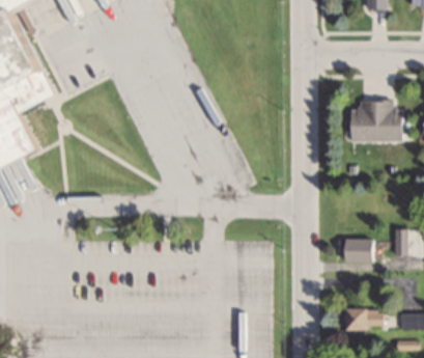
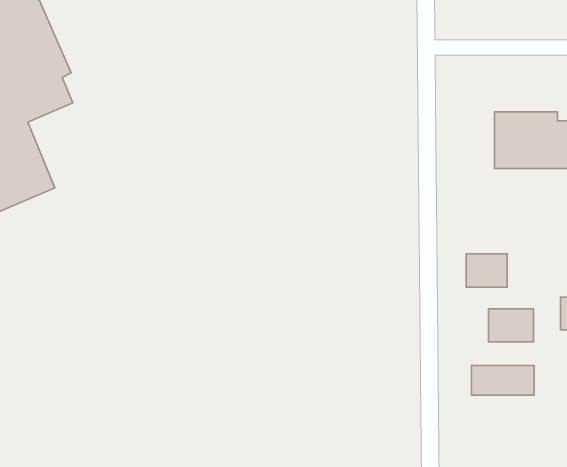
building: none -> [466,254,507,287]
building: [345,308,389,329] -> [471,365,534,395]

